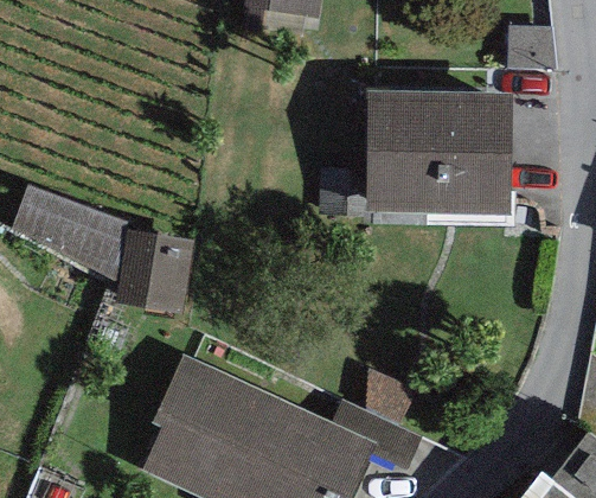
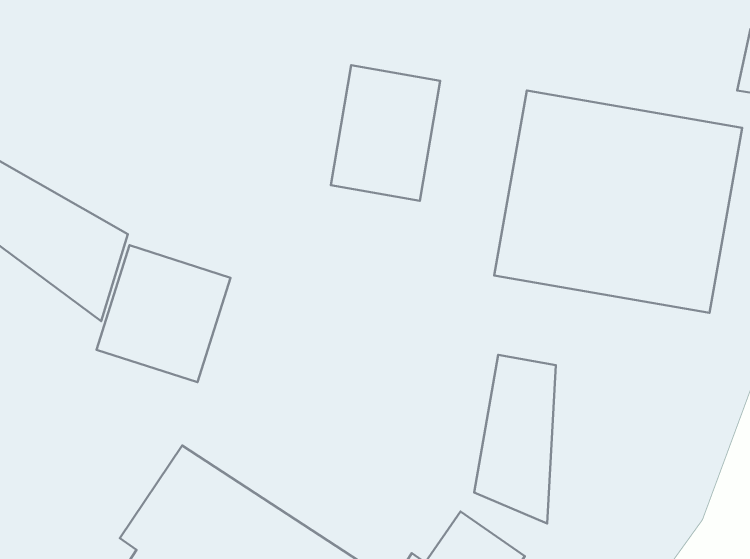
building: none -> [331,65,440,201]
building: none -> [474,355,556,523]

